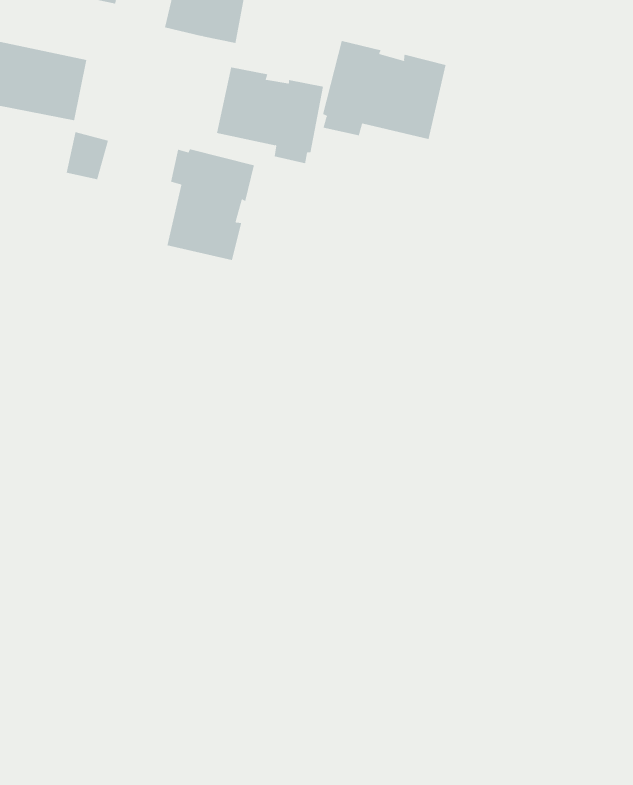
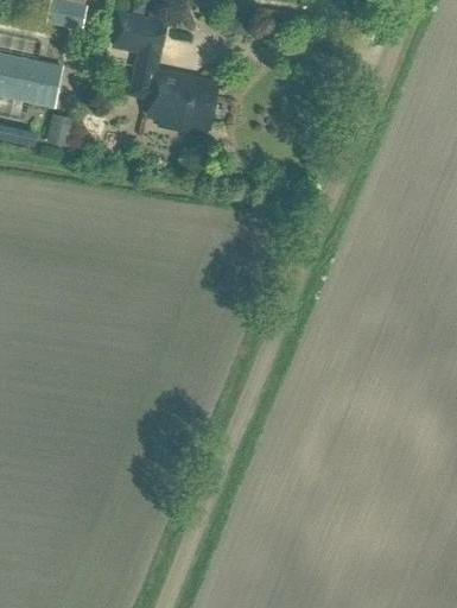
building: [323,40,446,140] -> none
building: [167,148,254,261] -> none

